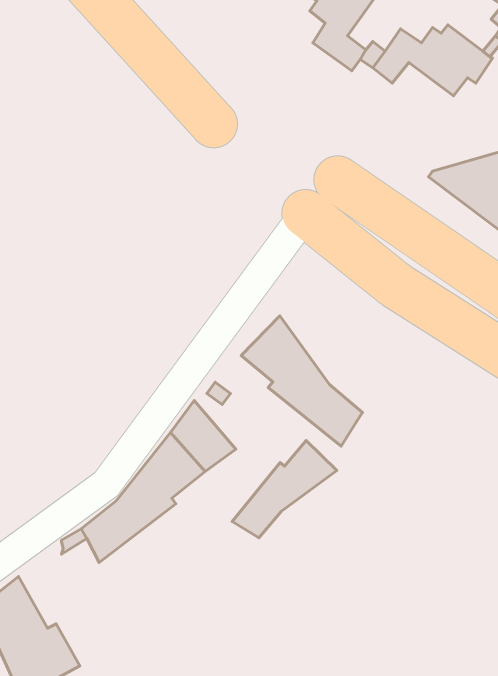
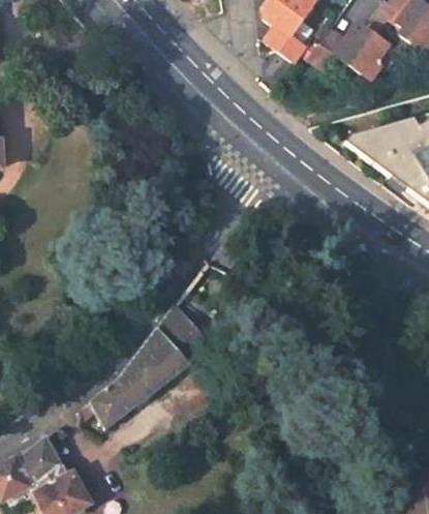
building: [241,316,363,446] -> none
building: [232,441,337,538] -> none

